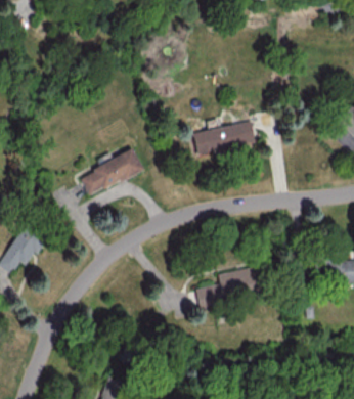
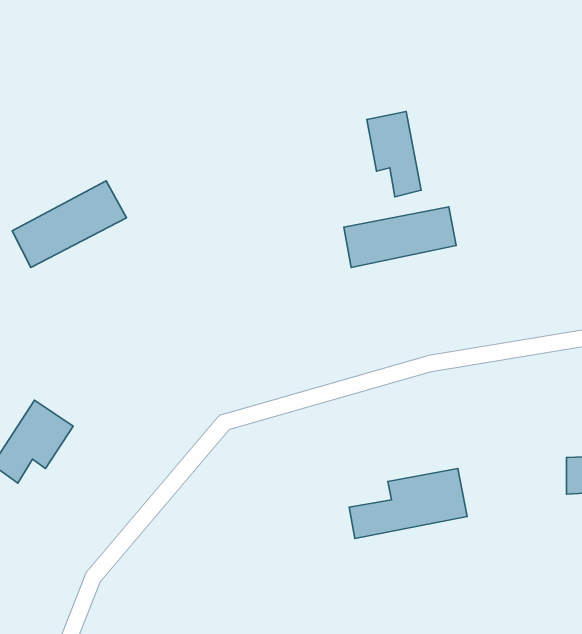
building: none -> [367,112,421,197]
building: [81,149,144,197] -> [12,181,126,268]

